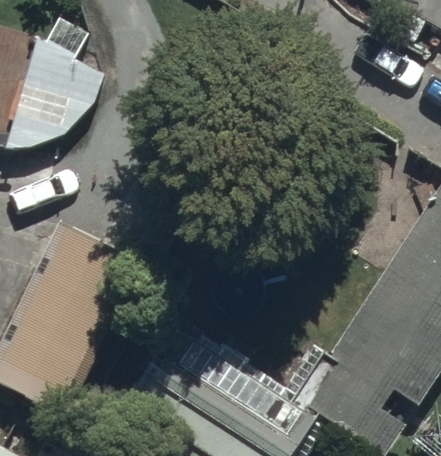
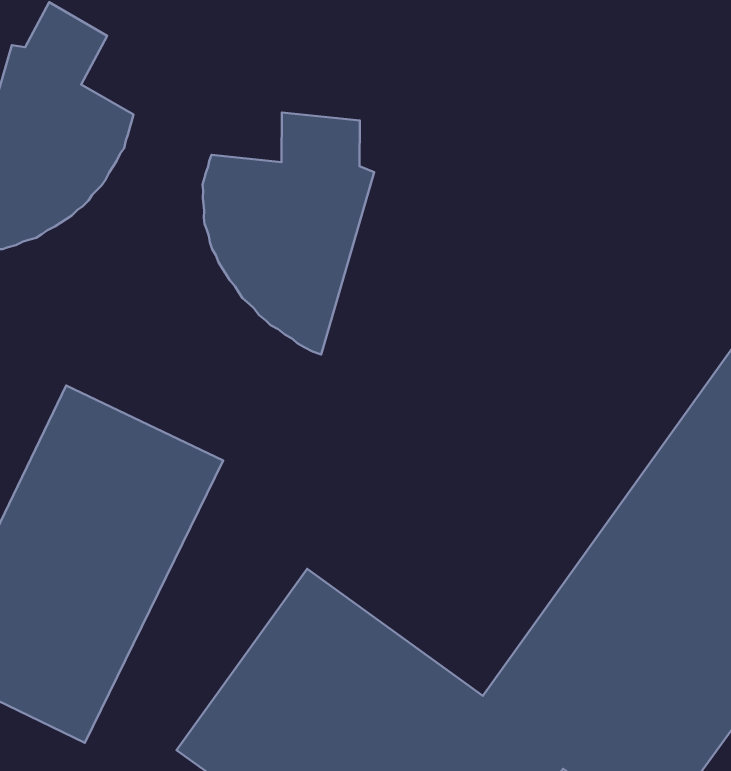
building: none -> [202,113,374,354]

